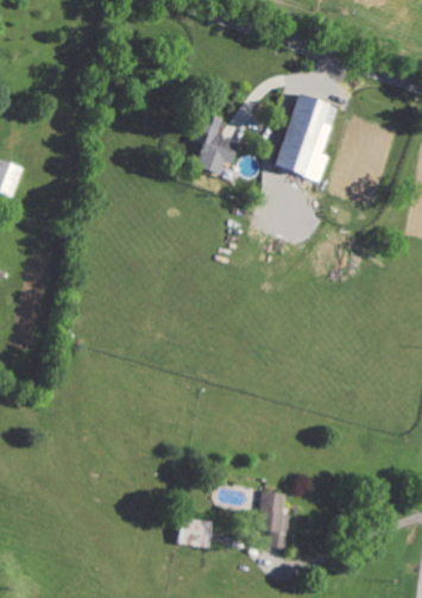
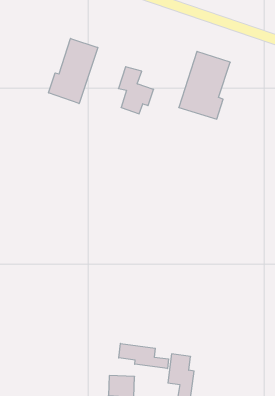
building: none -> [49,38,98,104]
building: none -> [119,343,168,369]

